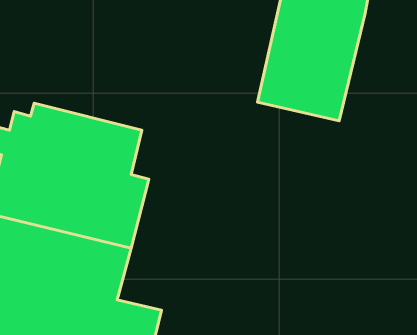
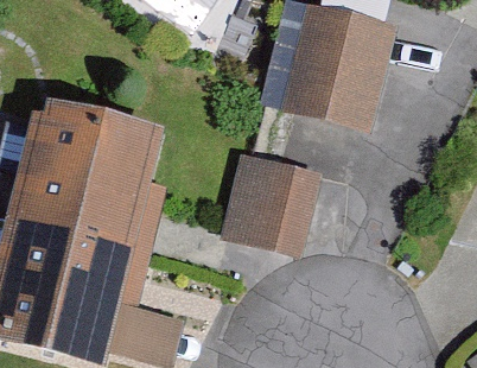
building: none -> [216,152,324,255]

